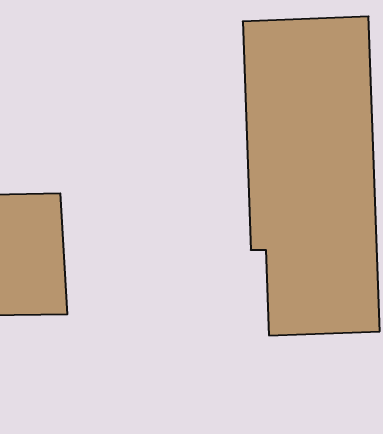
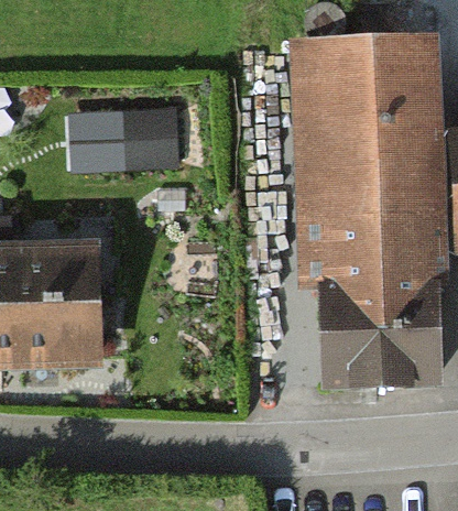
building: none -> [68,102,183,171]

